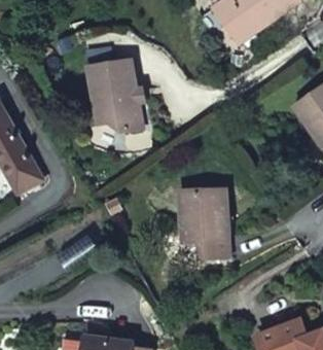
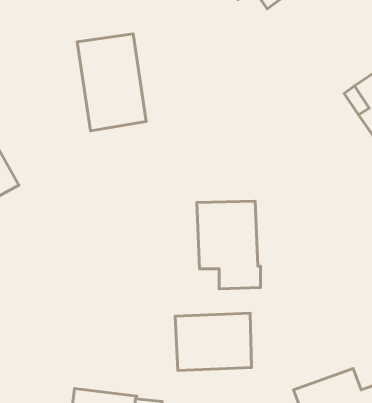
building: none -> [175,313,252,370]

